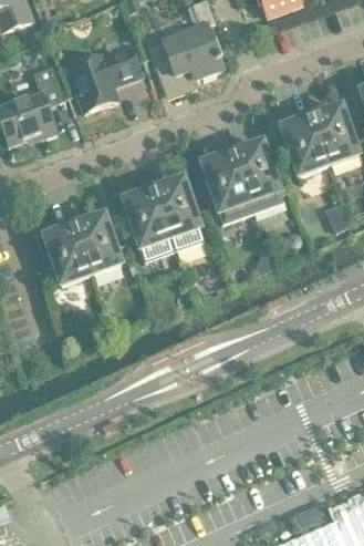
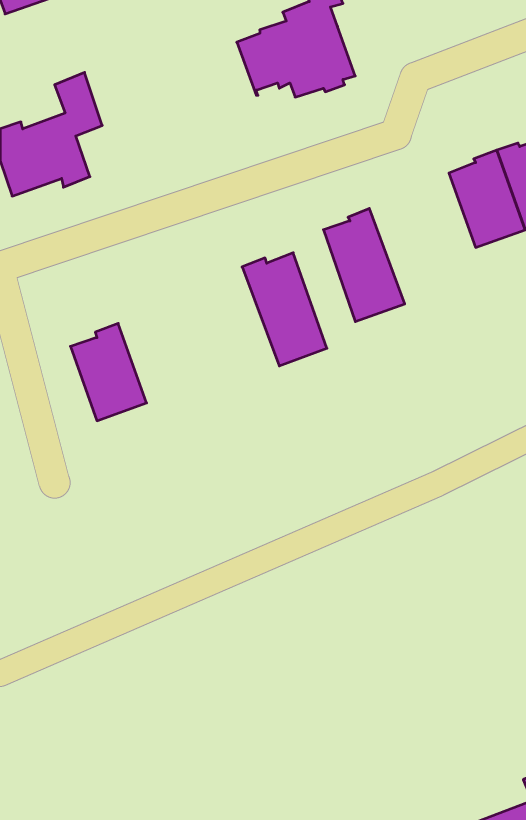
building: [67,47,142,111] -> none
building: [231,143,283,210] -> none
building: [123,187,175,260] -> none
building: [74,215,122,272] -> none

